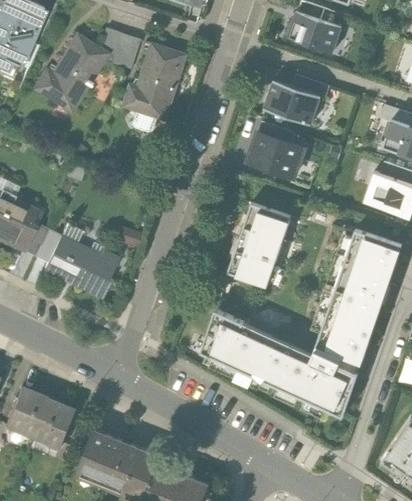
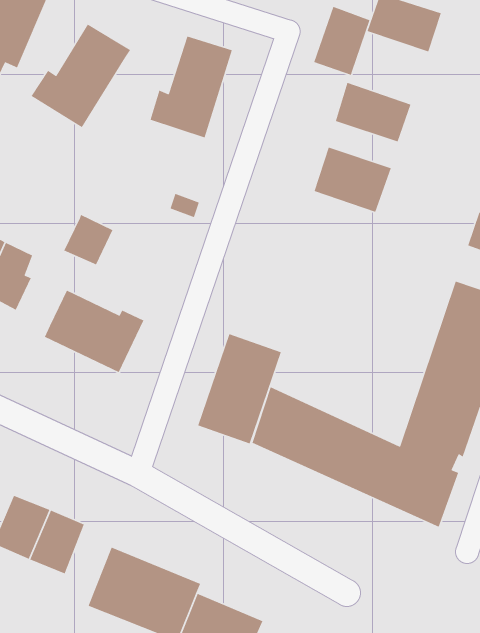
building: none -> [313,6,370,76]
building: [100,28,140,68] -> none
building: [227,201,291,285] -> [197,333,282,444]
building: [23,223,61,262] -> [63,214,114,265]

